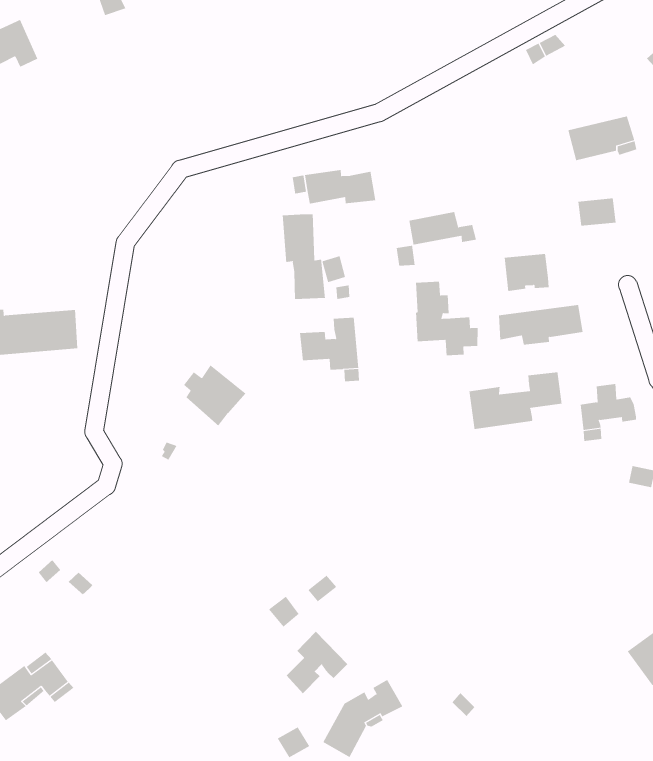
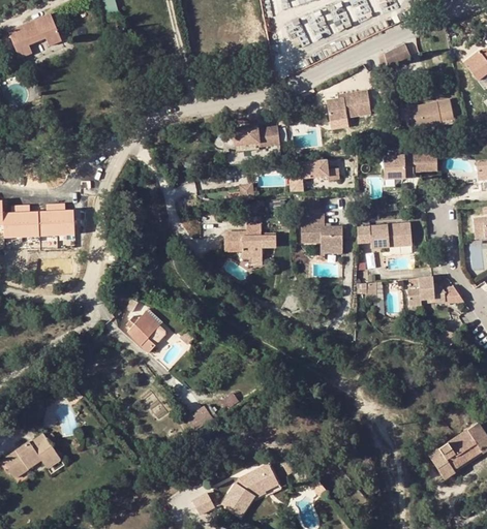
building: none -> [326,89,371,129]
building: [282,214,326,300] -> none
building: [504,253,549,292] -> [385,155,414,179]
building: [183,364,246,426] -> [126,311,168,352]
building: [469,372,562,430] -> none
building: [286,631,348,694] -> none

